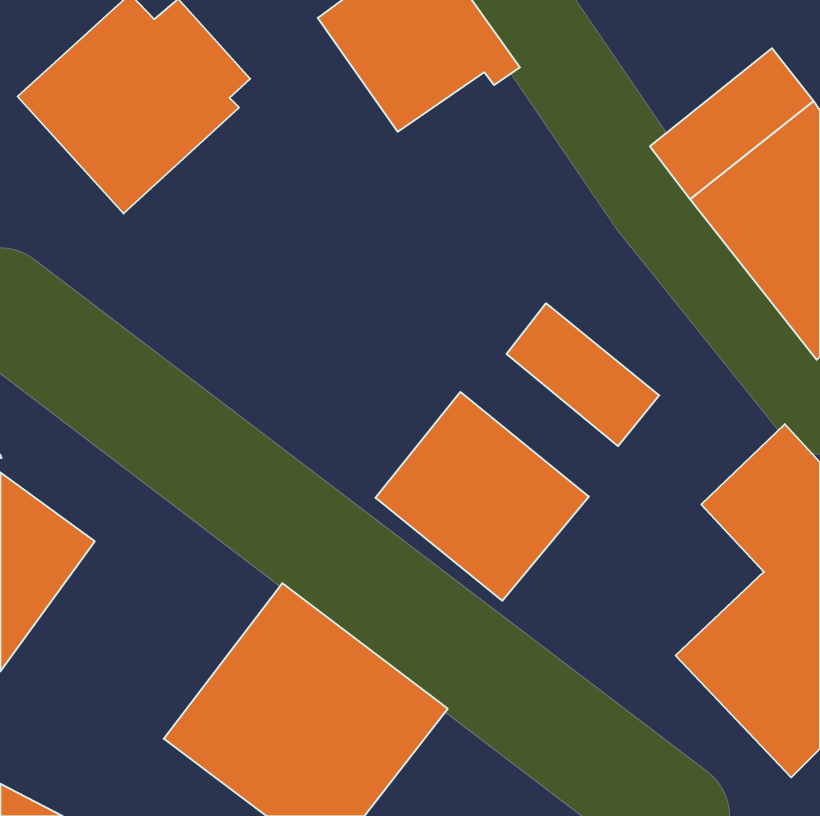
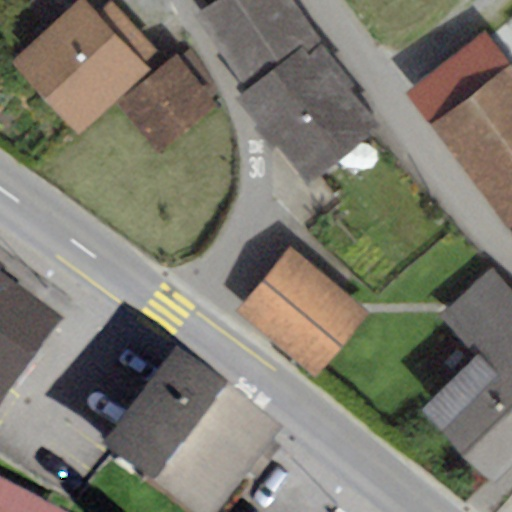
building: none -> [237,42,378,180]
building: none -> [118,45,220,148]
building: [507,303,659,446] -> none

